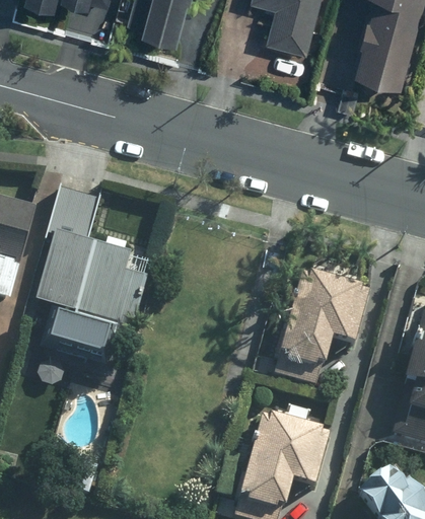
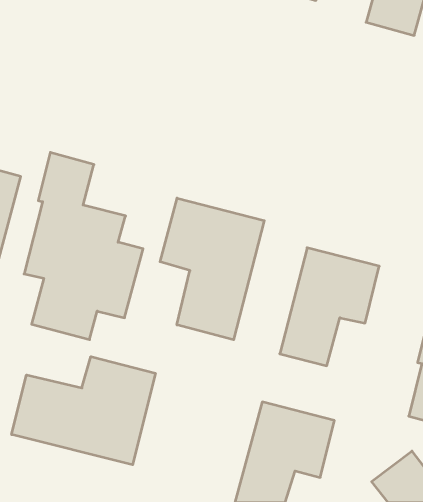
building: none -> [160,198,264,340]
building: none -> [12,357,155,465]

